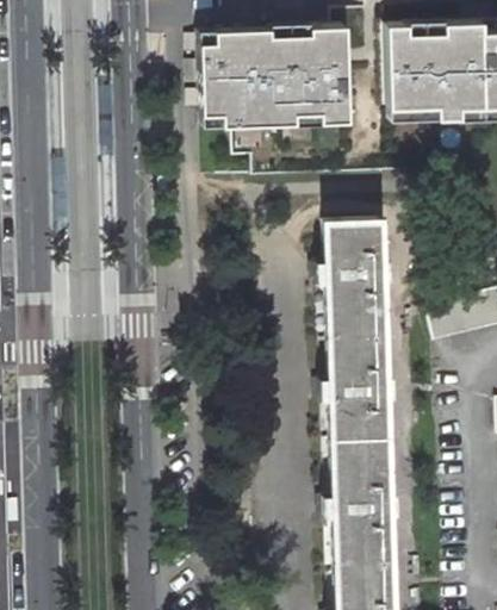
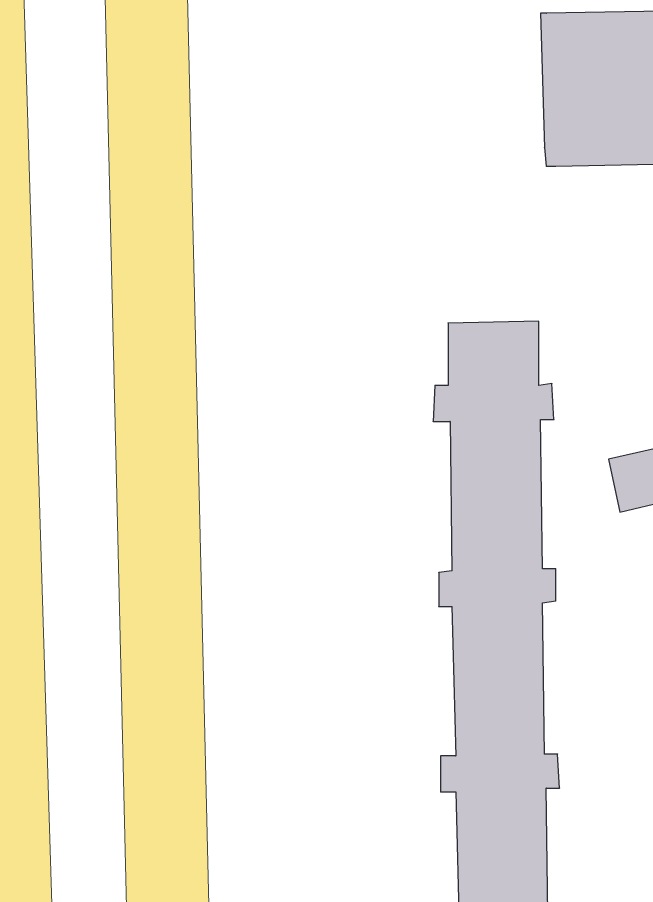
building: [201,29,350,129] -> none

